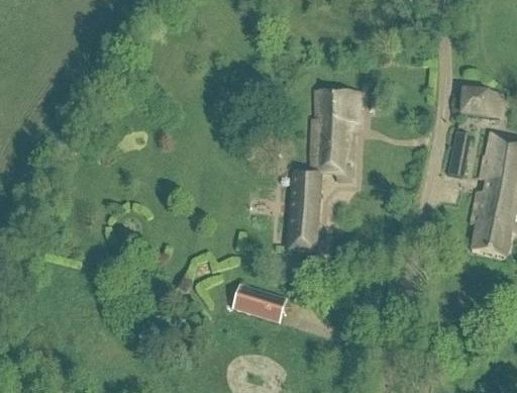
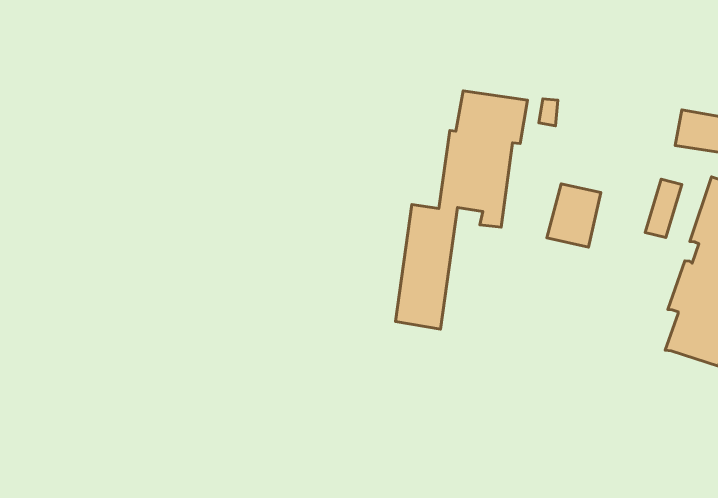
building: none -> [547,184,601,247]
building: [232,284,286,321] -> none

